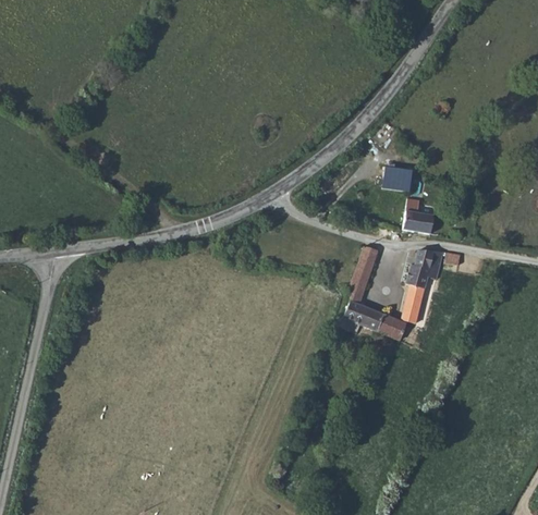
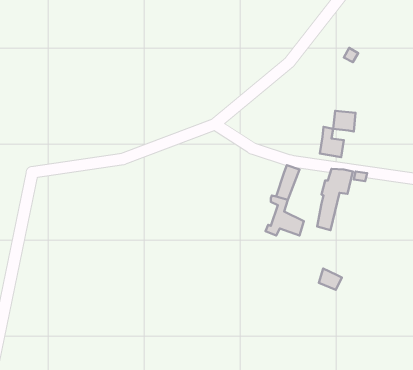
building: [382,167,409,192] -> [333,111,355,131]
building: [378,314,406,340] -> [319,268,342,290]

